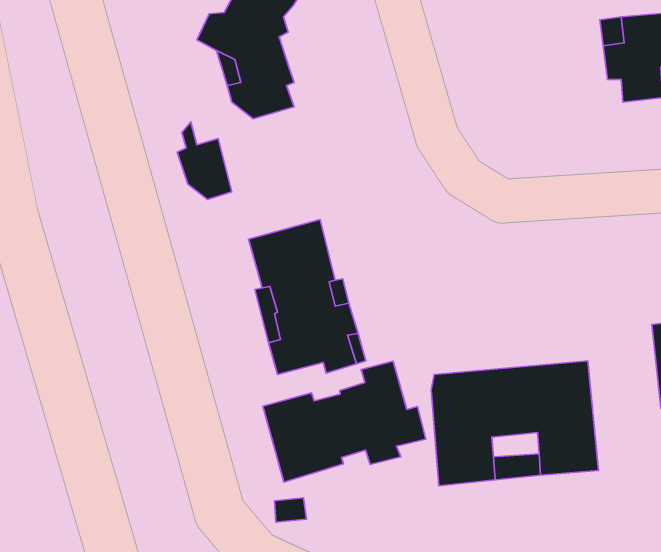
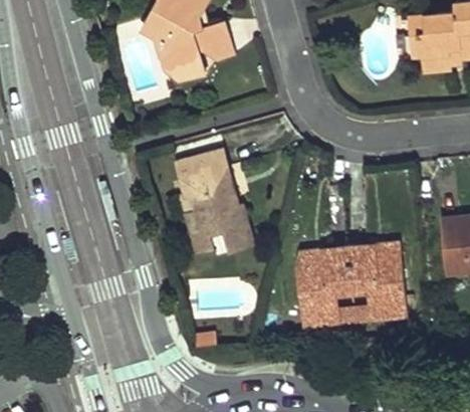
building: [177,122,232,200] -> [196,8,232,59]
building: [263,361,426,482] -> none

